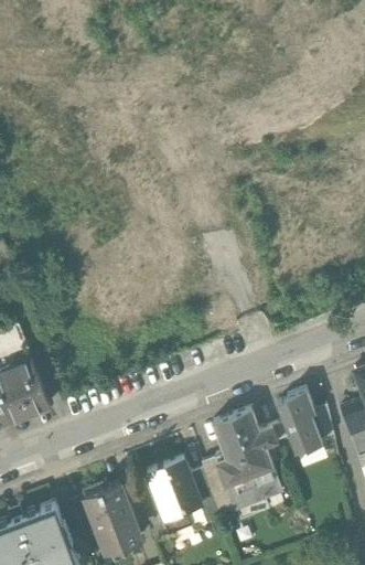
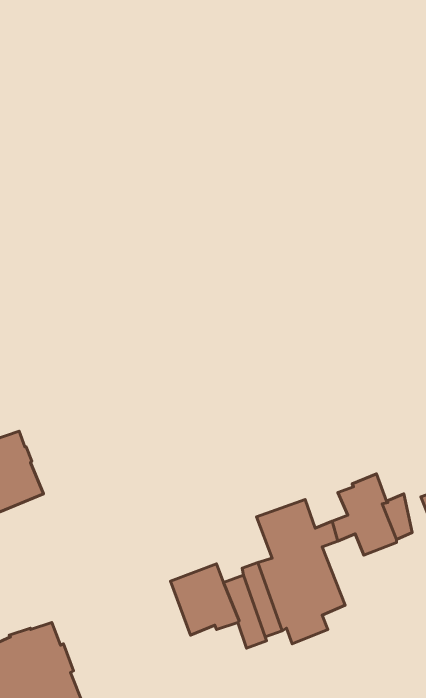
building: [85,482,139,554] -> none

